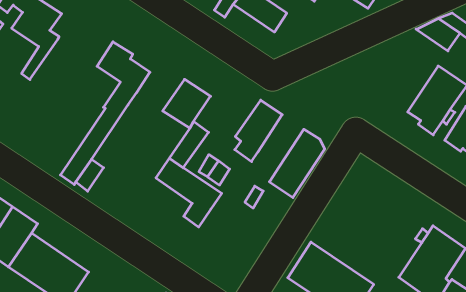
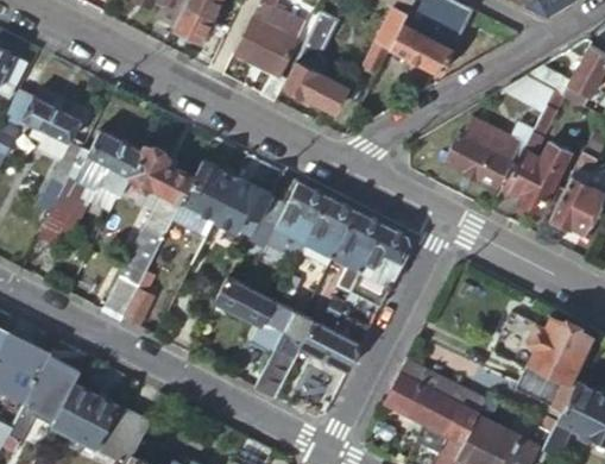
building: none -> [37,131,144,244]
building: none -> [446,118,531,188]
building: none -> [172,163,235,237]
building: none -> [276,181,328,242]
building: none -> [332,209,383,271]
building: none -> [254,311,360,399]

